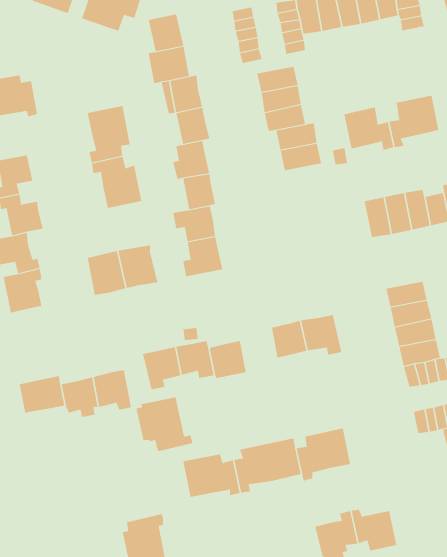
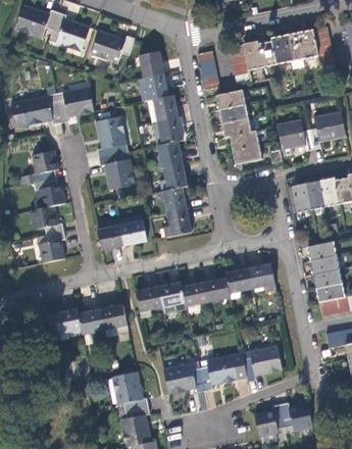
building: none -> [57,87,94,123]
building: none -> [204,279,231,305]
building: [136,397,194,452] -> [108,371,149,410]

